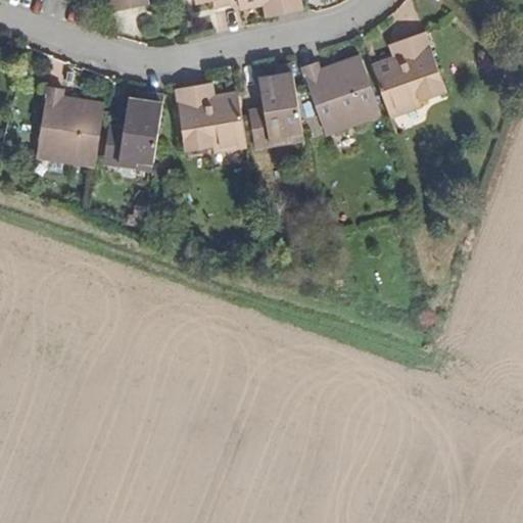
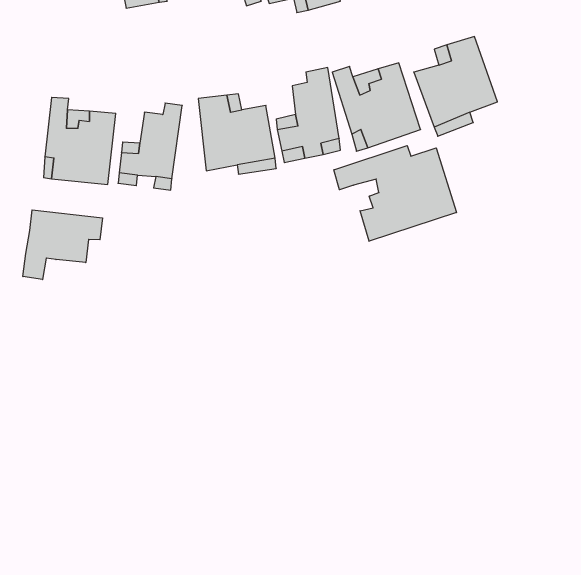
building: none -> [334,146,456,241]
building: none -> [23,210,102,280]

